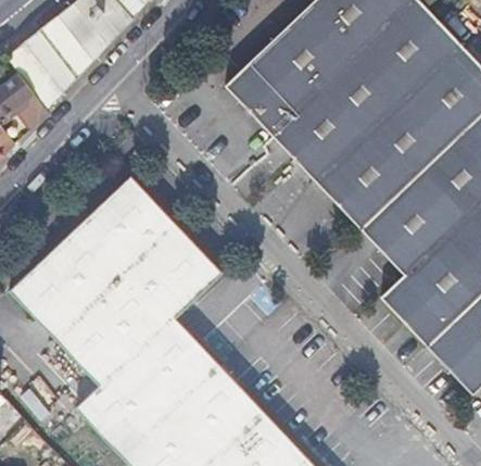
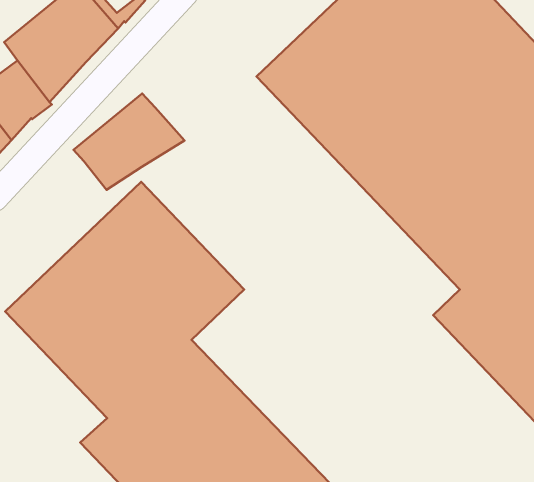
building: none -> [74,94,184,190]

